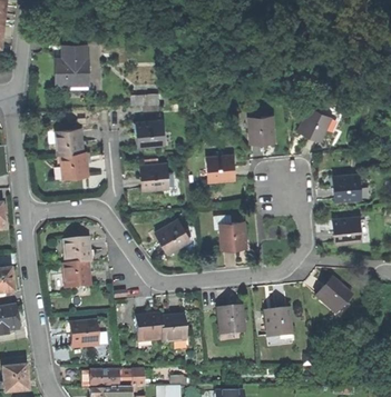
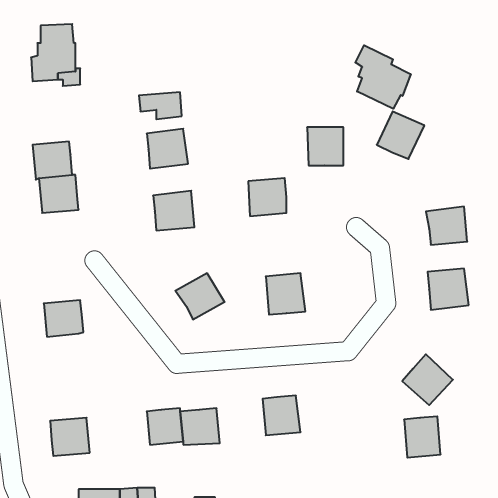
building: none -> [355,45,411,109]
building: [63,261,91,288] -> none
building: [266,307,292,336] -> [404,416,441,458]

